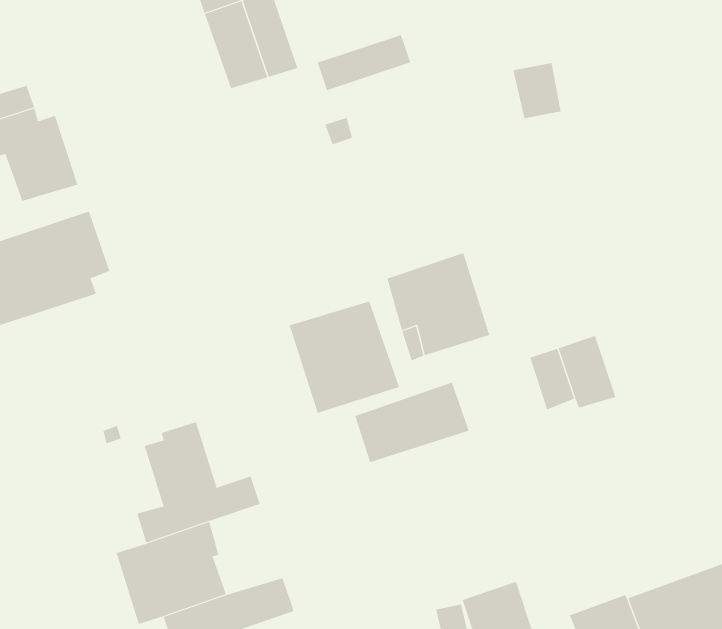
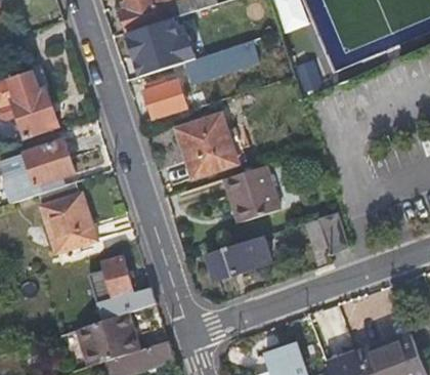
building: none -> [146,77,190,115]
building: none -> [41,183,95,257]
building: [289,301,400,414] -> [178,116,239,177]

